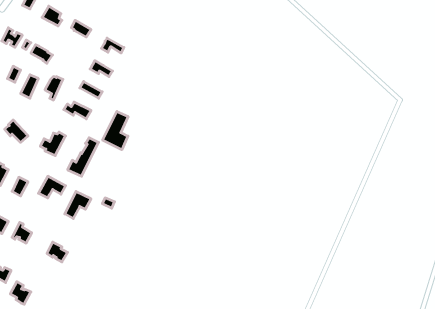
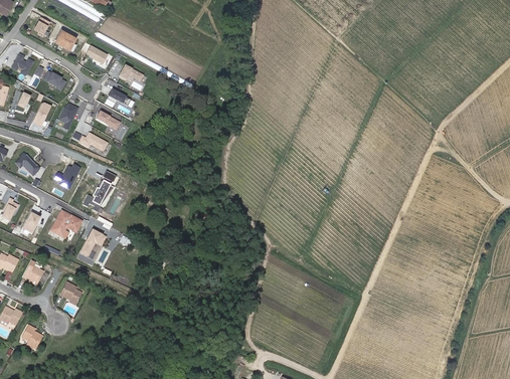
building: [103,111,128,150] -> none

